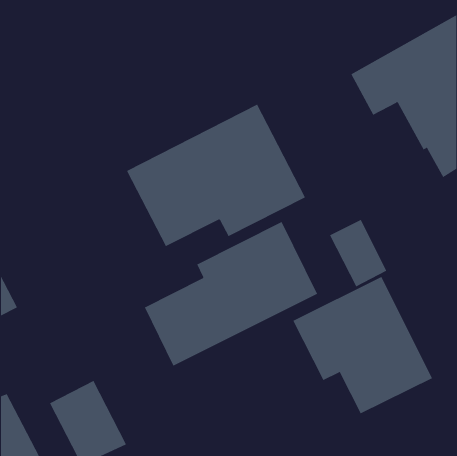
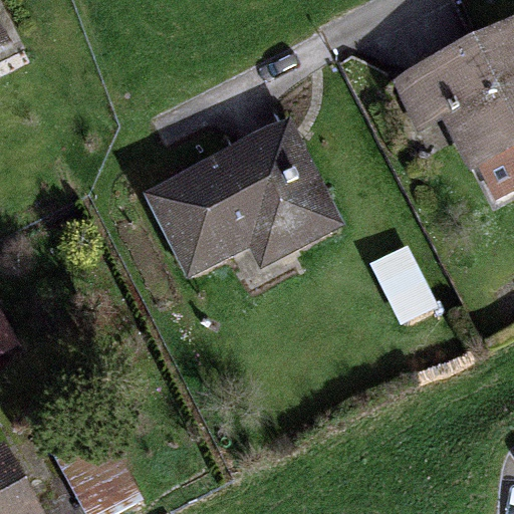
building: [144,221,318,366] -> none
building: [293,276,433,414] -> none

